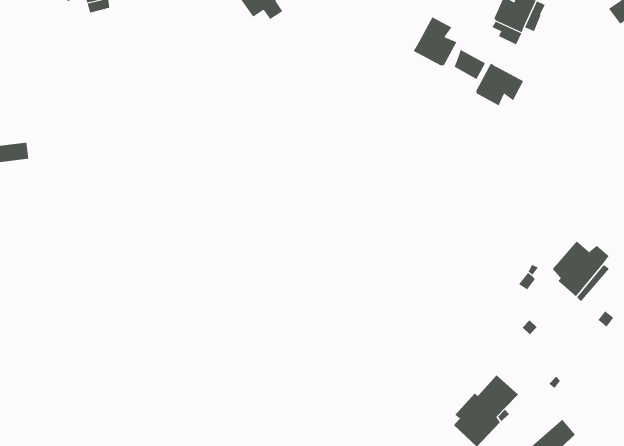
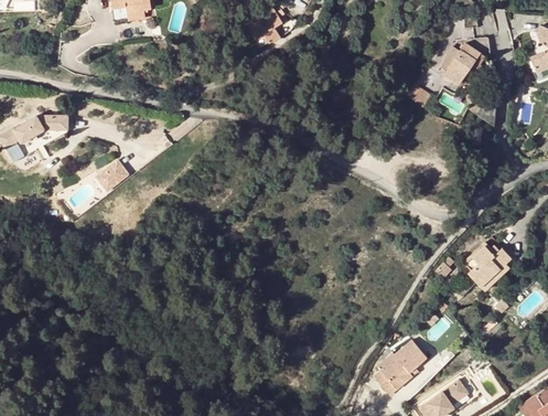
building: [413,16,457,66] -> none
building: [476,63,524,106] -> none
building: none -> [97,159,129,190]

